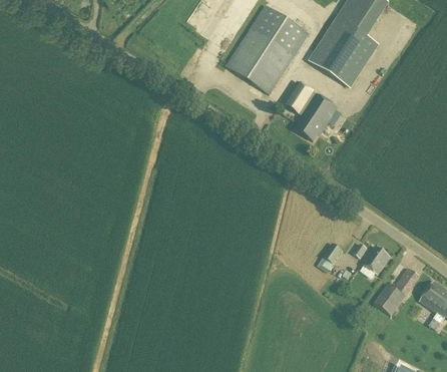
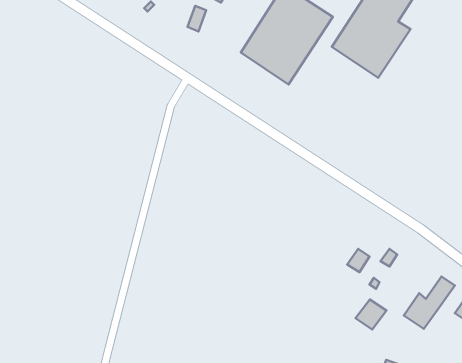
building: [282,80,337,141] -> none
building: [362,247,390,274] -> [355,299,386,329]

